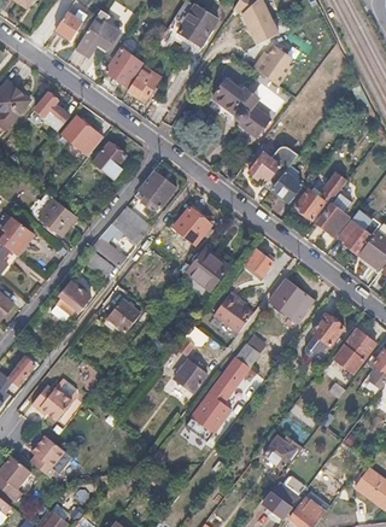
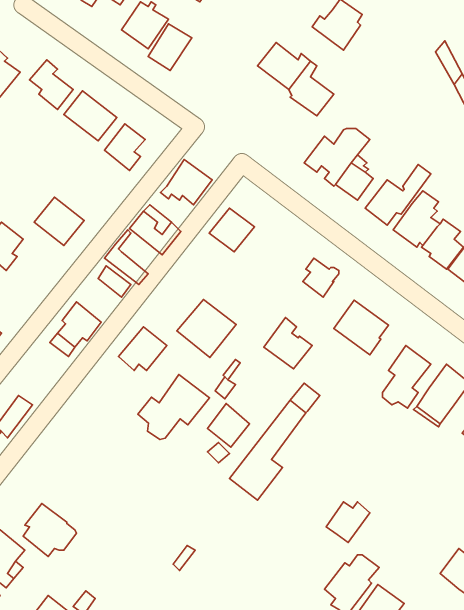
building: [186,246,232,291] -> [177,300,236,357]
building: none -> [138,375,210,440]
building: [35,379,78,420] -> none

